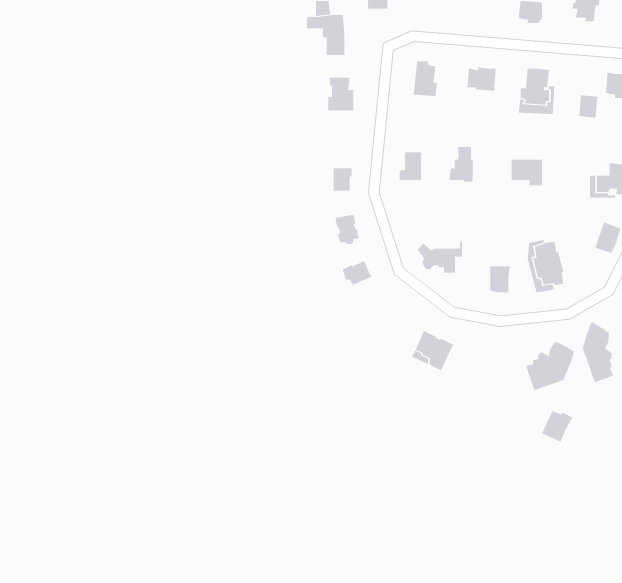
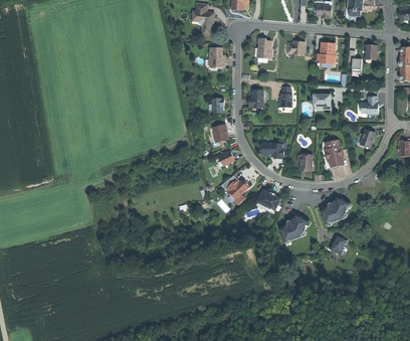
building: none -> [220,175,247,204]
building: [582,321,614,383] -> none
building: none -> [279,213,308,242]

